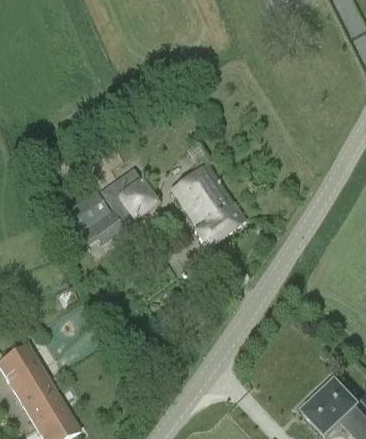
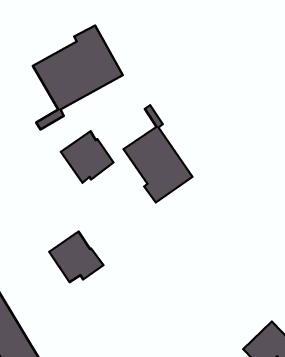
building: none -> [33,26,123,129]
building: [63,190,124,247] -> [49,231,104,282]

